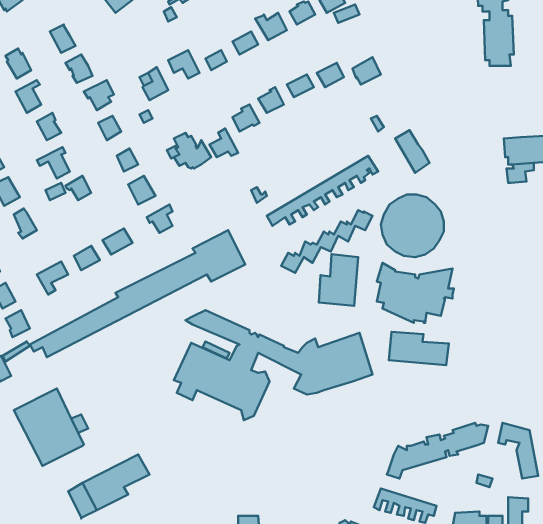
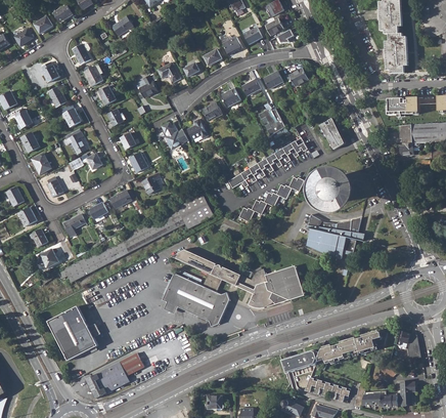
building: none -> [386,95,418,113]
building: none -> [258,102,284,135]
building: [319,254,358,306] -> none
building: [389,332,449,365] -> none
building: none -> [280,348,319,373]

